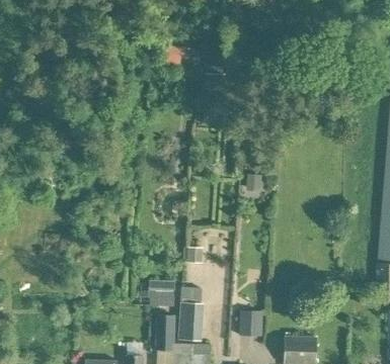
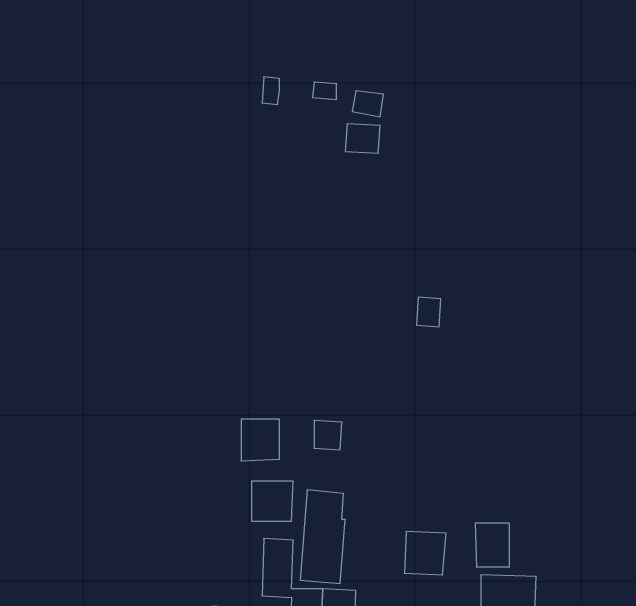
building: none -> [241,419,279,461]
building: none -> [475,523,509,567]

